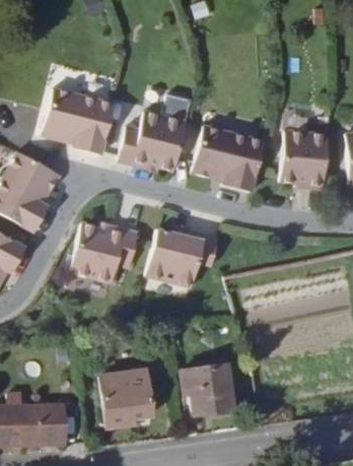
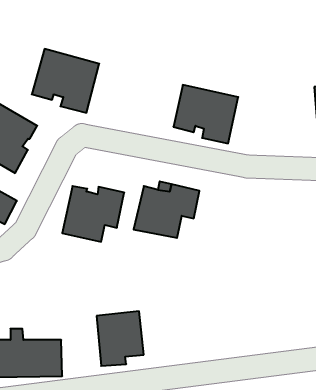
building: [114,109,184,174] -> none
building: [281,124,329,186] -> none
building: [185,368,240,422] -> none

